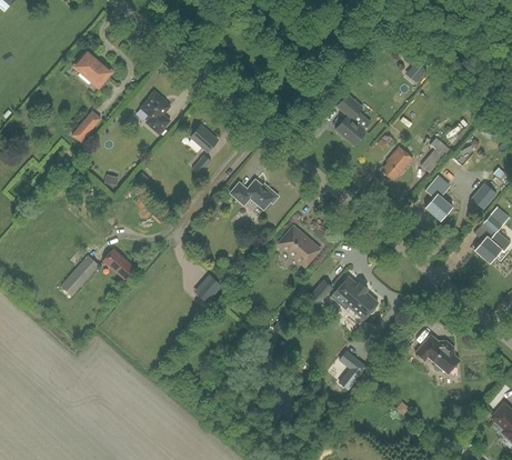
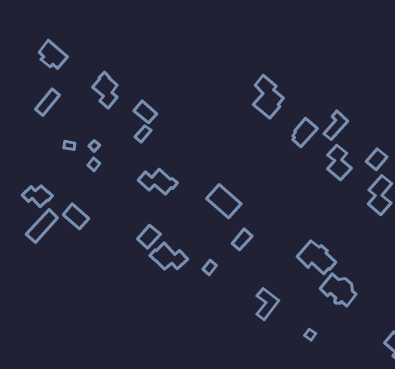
building: [230,179,278,209] -> [138,169,178,194]
building: none -> [22,186,52,207]
building: [331,277,378,317] -> [297,241,336,274]
building: none -> [150,243,188,269]

